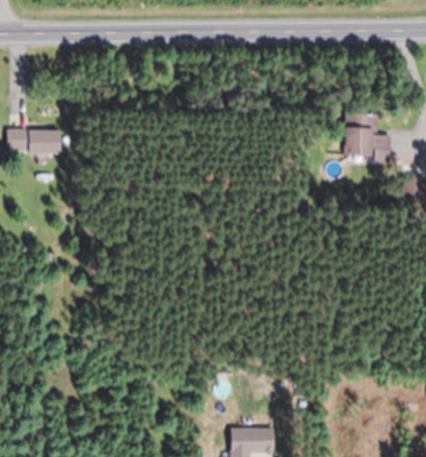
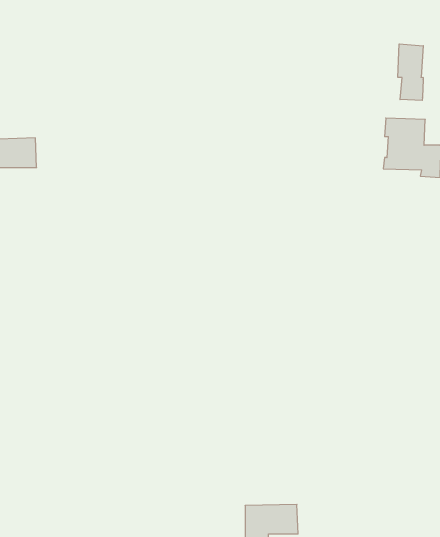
building: none -> [398,44,423,100]

